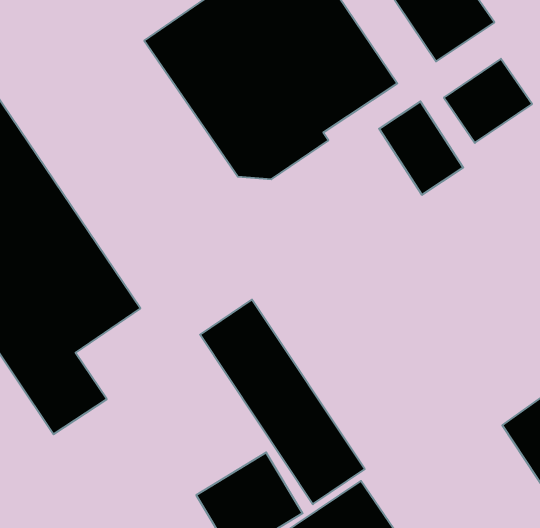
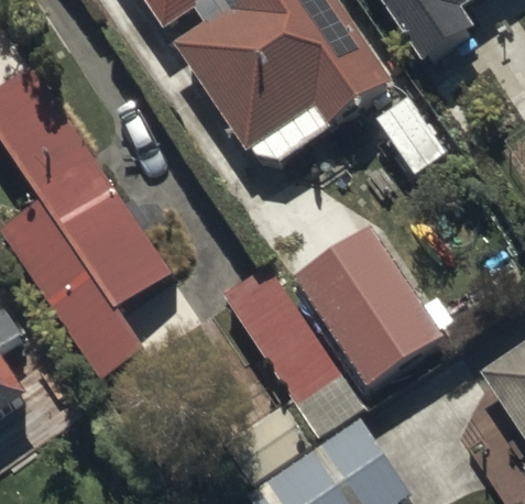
building: none -> [289,222,449,390]

